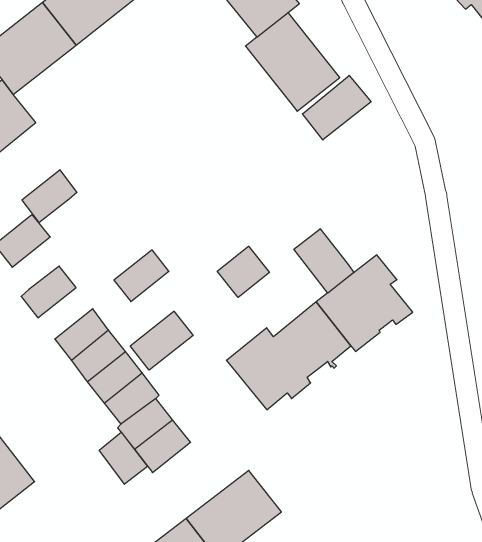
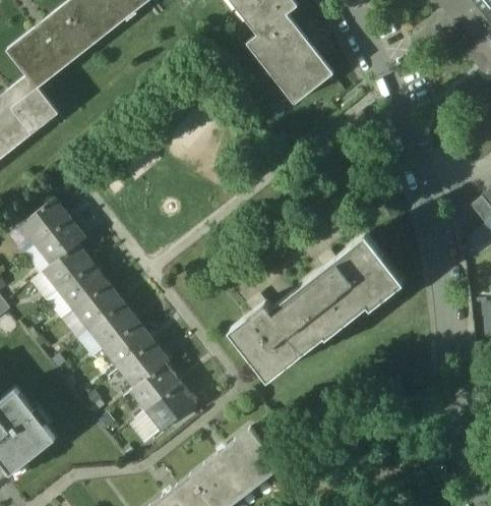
building: [302,75,371,140] -> none
building: [22,170,77,222] -> [36,218,85,266]
building: [294,229,354,293] -> none
building: [217,246,269,297] -> none
building: [114,250,169,302] -> [59,264,109,311]
building: [130,311,193,370] -> none
building: [99,432,147,484] -> none

